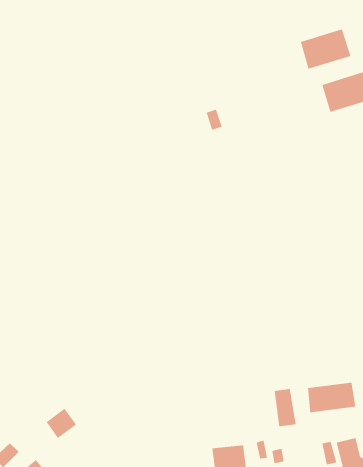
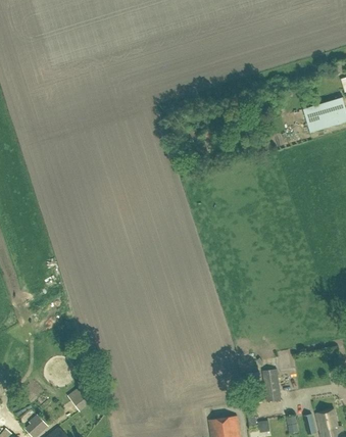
building: [300,29,351,70] -> none
building: [307,382,356,413] -> none

